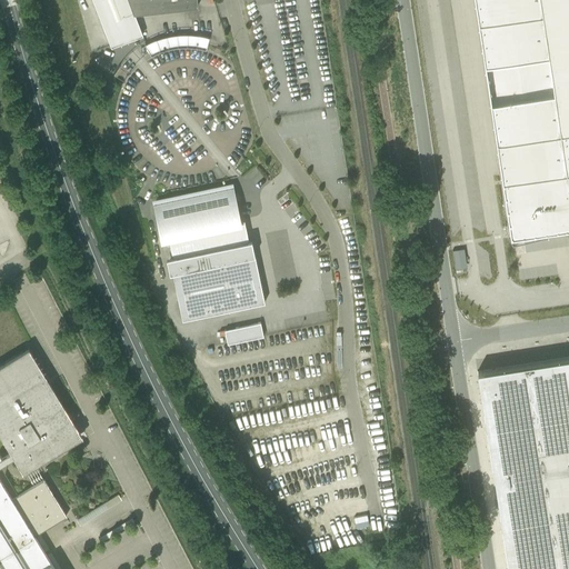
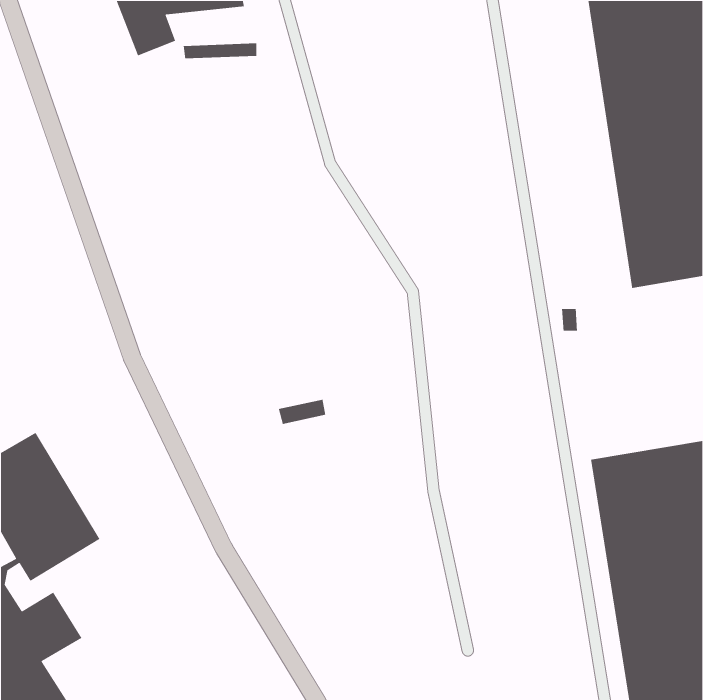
building: [154,189,264,322] -> none

